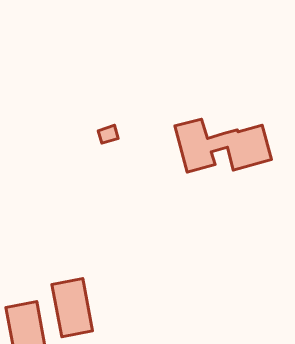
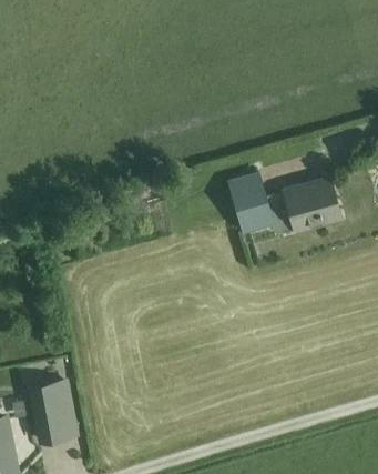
building: [52,279,93,337] -> none

